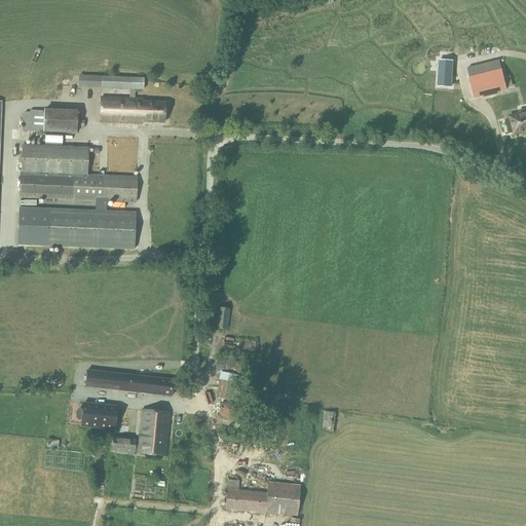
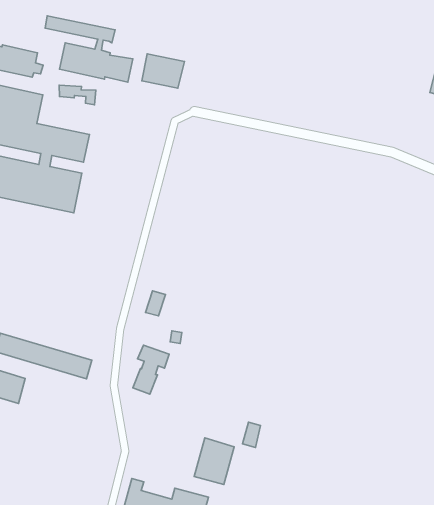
building: none -> [142,54,184,88]
building: [111,408,170,455] -> none
building: none -> [194,438,234,485]

